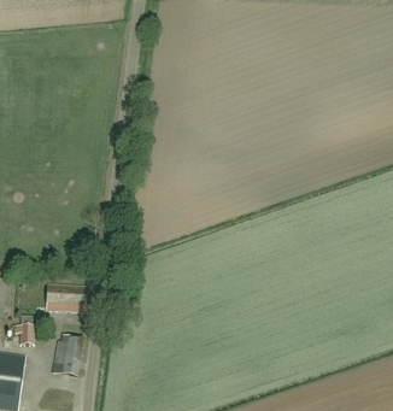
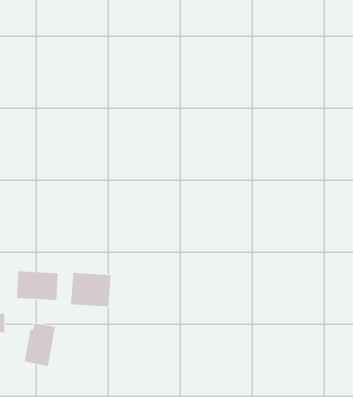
building: none -> [70,272,111,307]

